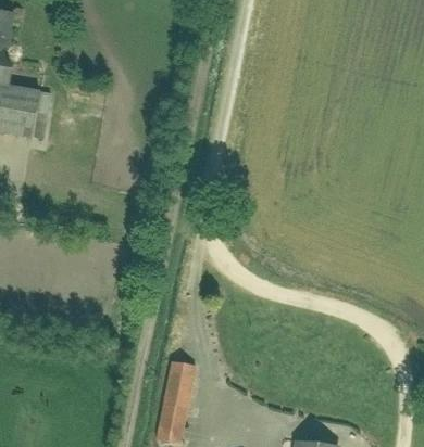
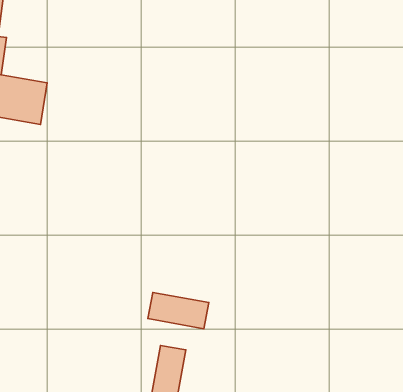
building: none -> [148,292,209,329]

